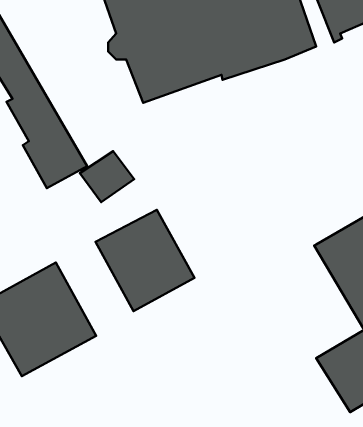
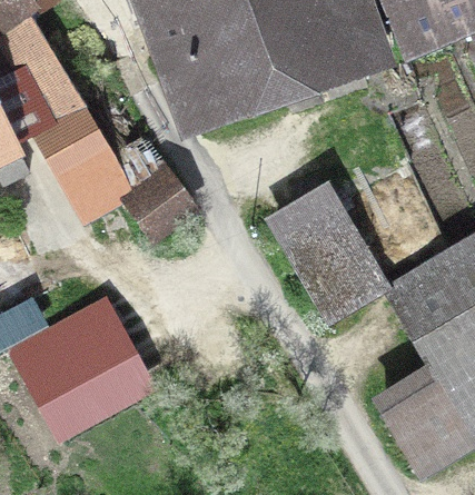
building: none -> [274,191,386,318]
building: [95,210,194,311] -> none

